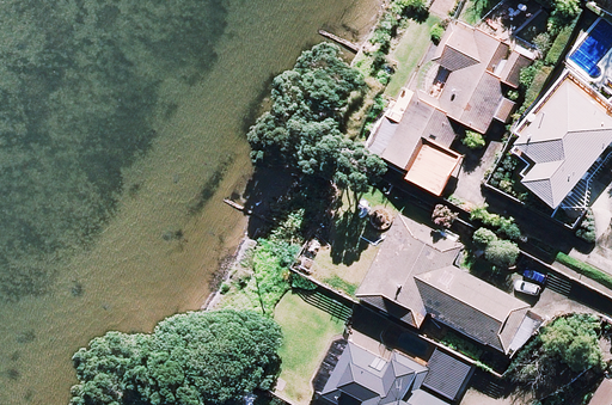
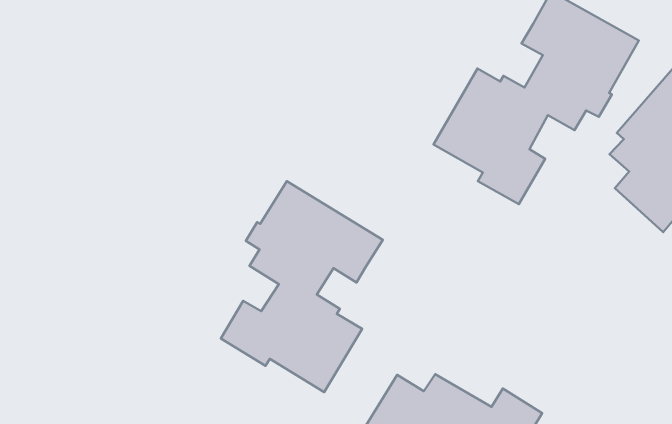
building: none -> [221,181,383,392]
building: [354,216,530,355] -> none

